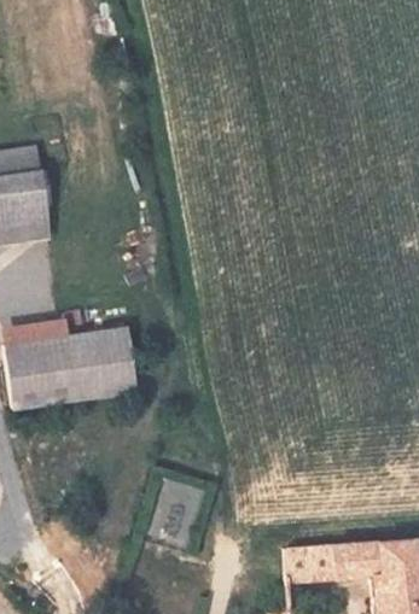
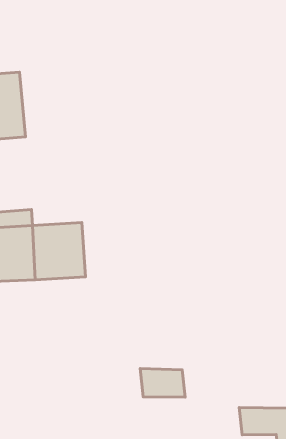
building: [281,540,338,577] -> [140,368,185,397]

